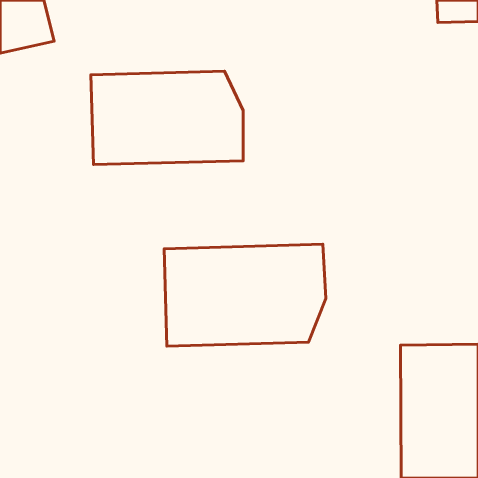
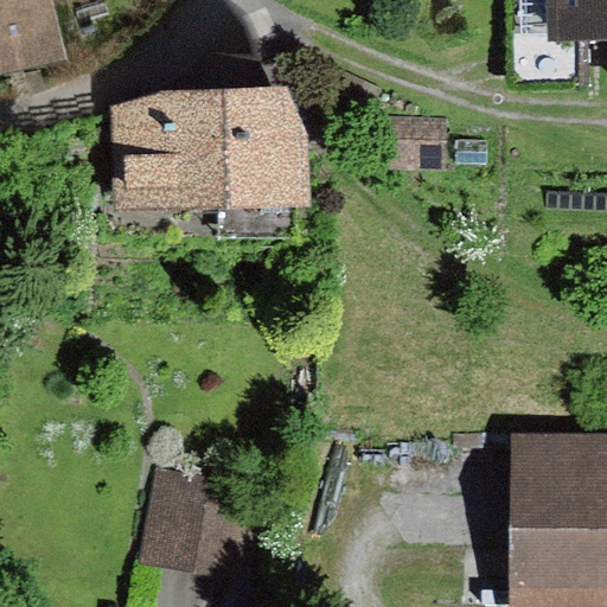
building: [164,244,326,346] -> none
building: none -> [128,484,249,587]

